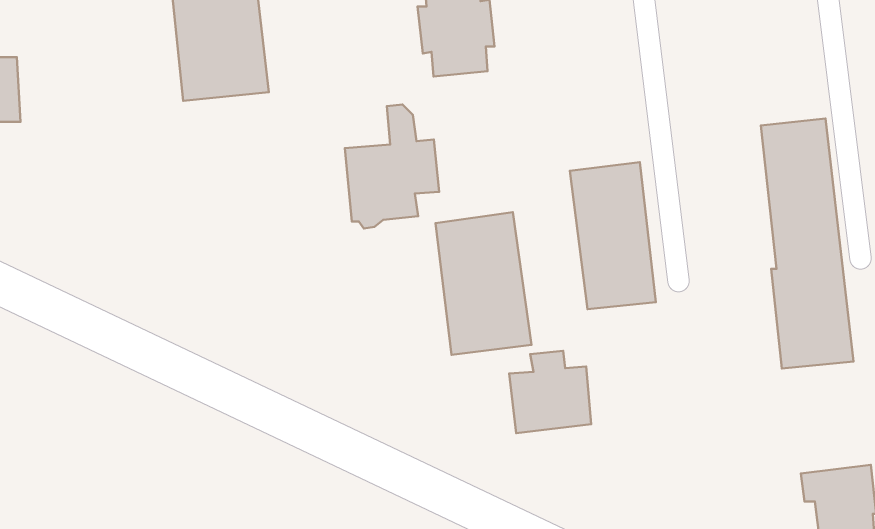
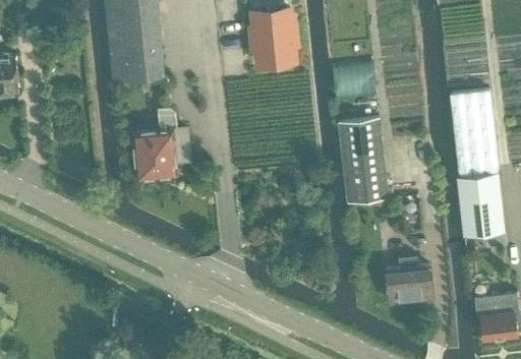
building: [345,104,439,229] -> [135,109,190,181]
building: [435,212,532,355] -> none
building: [509,351,591,433] -> [386,256,433,304]

